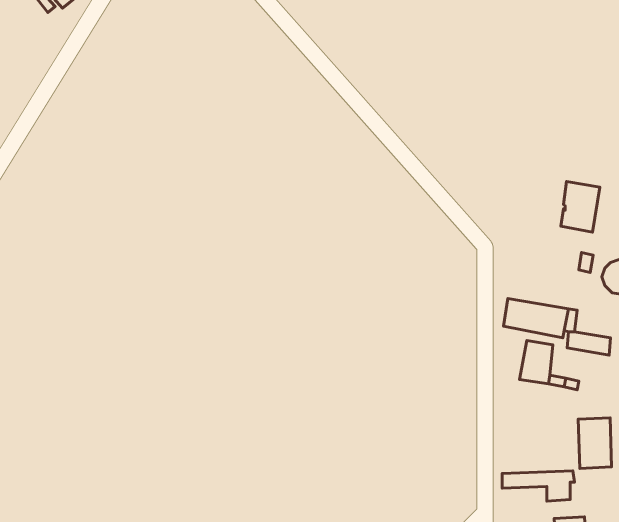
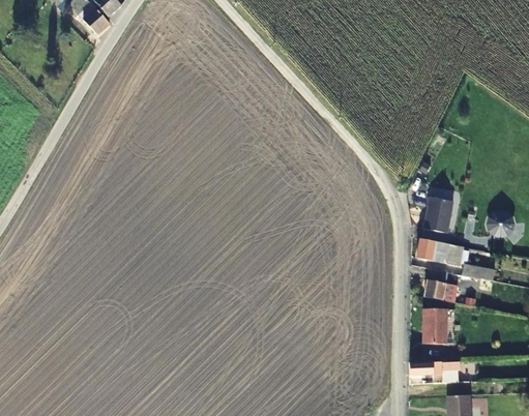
building: [561,181,600,232] -> [423,197,451,233]
building: [578,418,612,468] -> [423,306,447,343]

